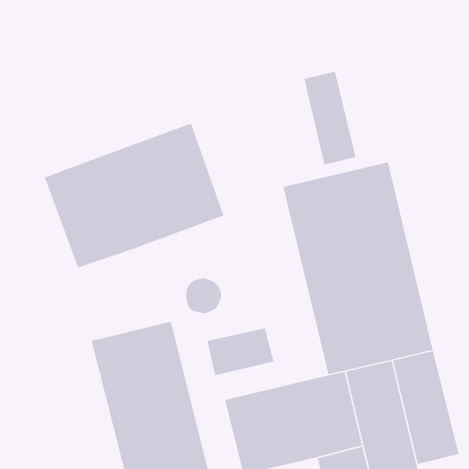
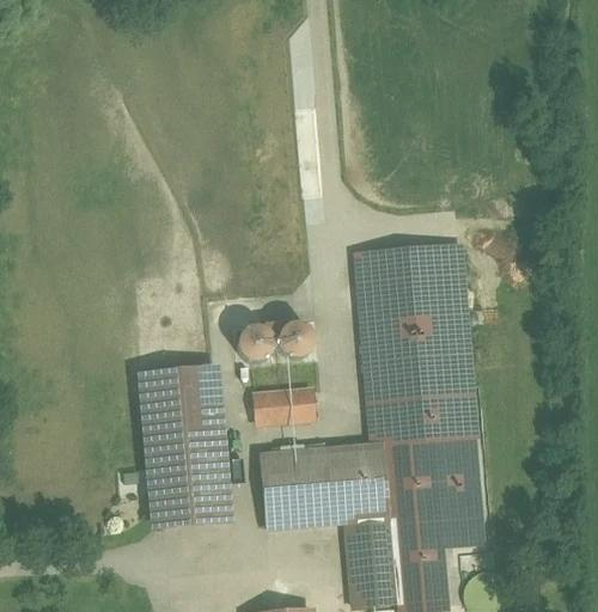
building: [303,71,356,165] -> none
building: [44,123,225,269] -> none
building: none -> [276,320,313,357]

